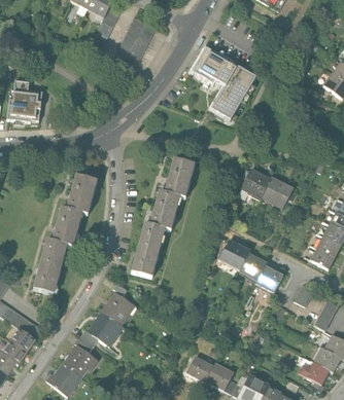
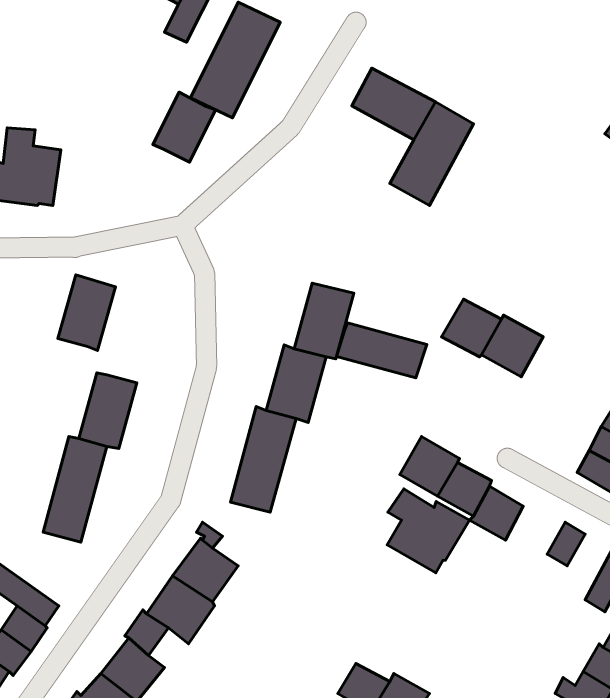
building: none -> [153,92,216,162]
building: [66,175,96,214] -> [58,275,116,350]
building: none -> [337,323,427,378]
building: none -> [387,489,469,573]

